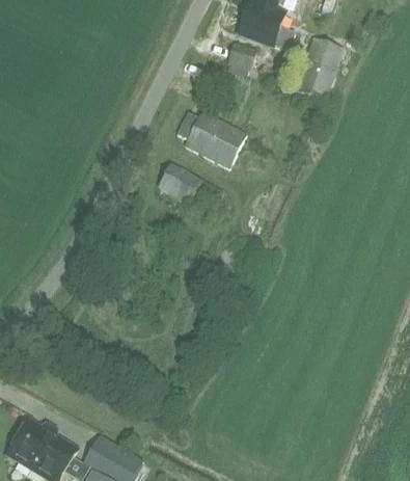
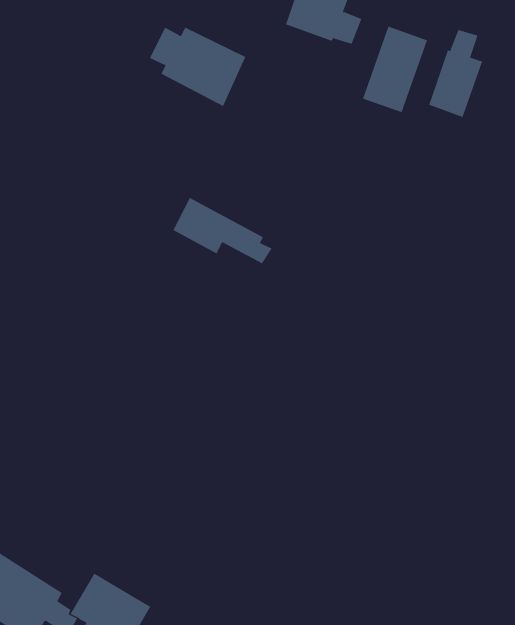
building: none -> [428,29,483,118]
building: [227,43,257,72] -> none
building: [175,111,246,169] -> [149,27,246,107]

